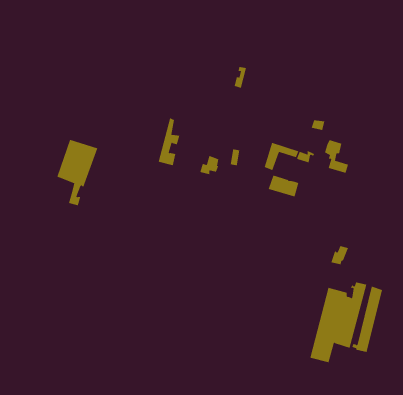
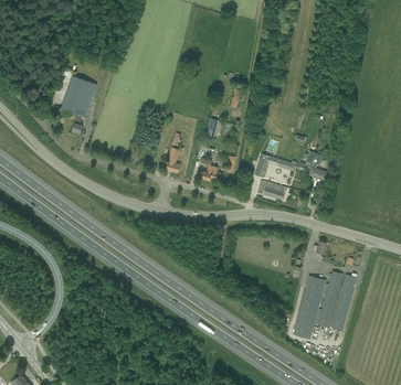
building: [56,139,98,206] -> [62,76,97,132]

